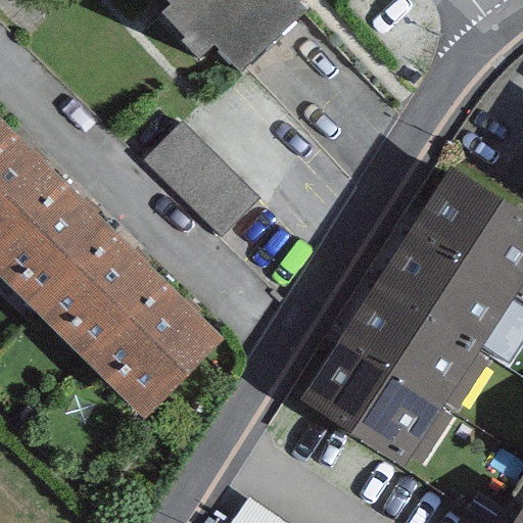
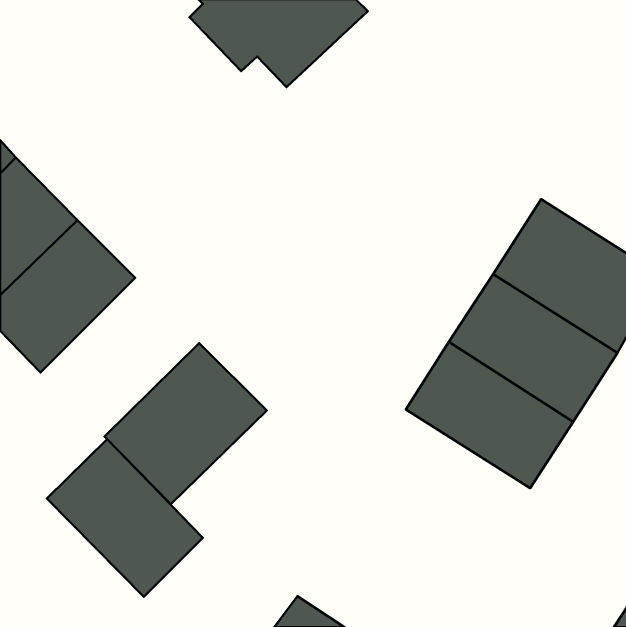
building: [143,120,262,237] -> none
building: [36,231,168,363] -> none
building: [300,340,442,467] -> none
building: none -> [47,439,203,597]

